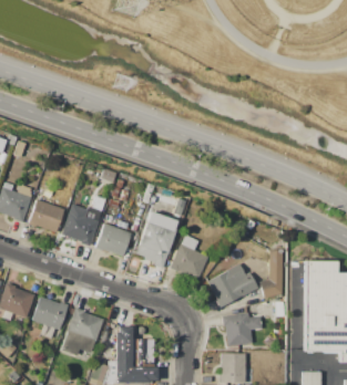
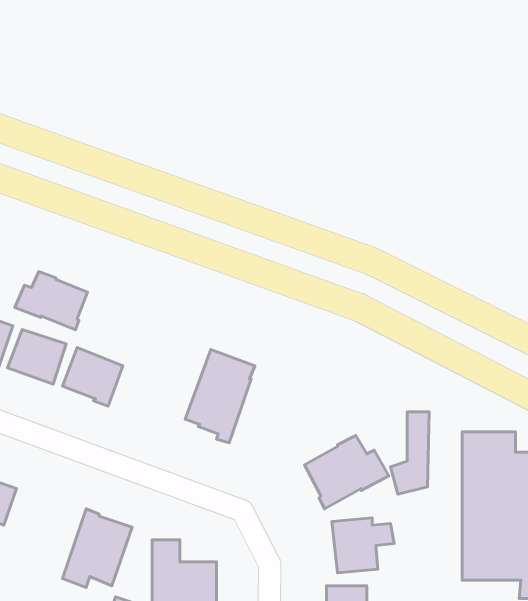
building: none -> [15,272,88,330]
building: [96,223,132,256] -> none
building: [171,235,208,280] -> none
building: [32,296,69,330] -> none

